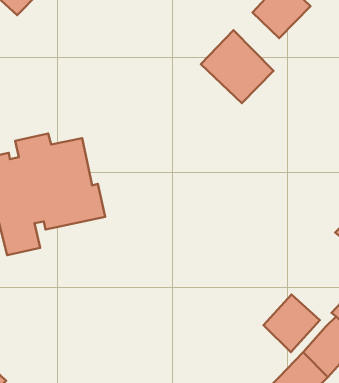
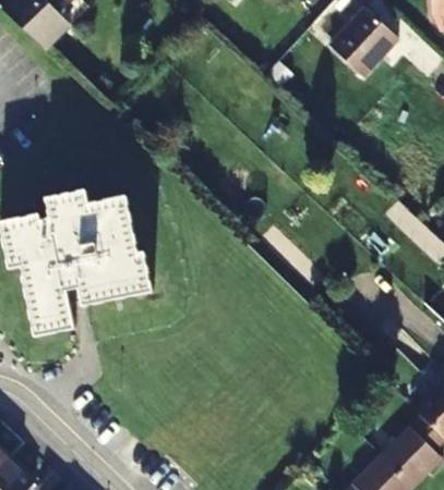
building: [201,30,273,103] -> none
building: [263,294,320,352] -> none

